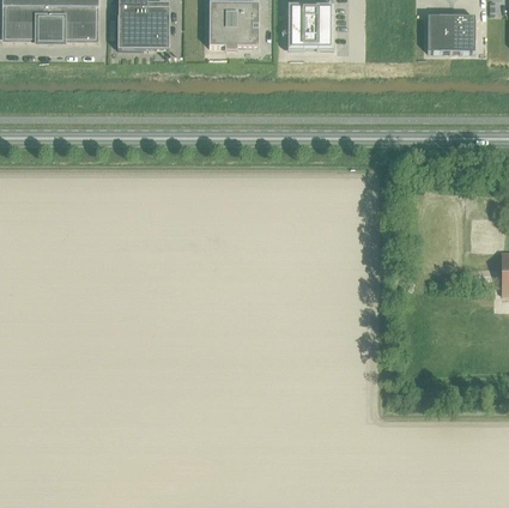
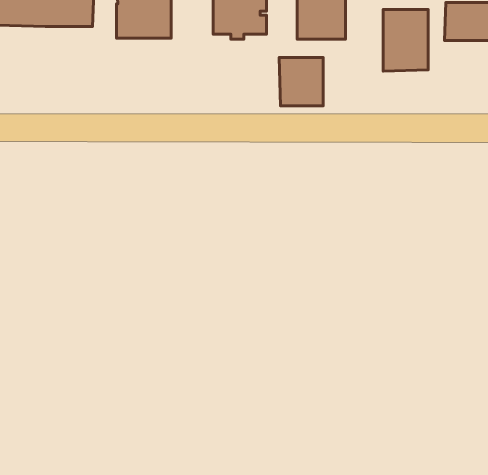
building: none -> [383,10,428,71]
building: none -> [279,57,323,106]

